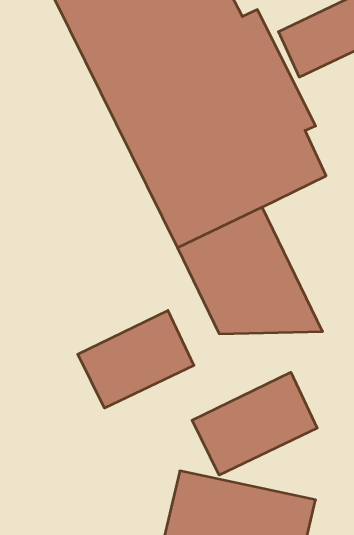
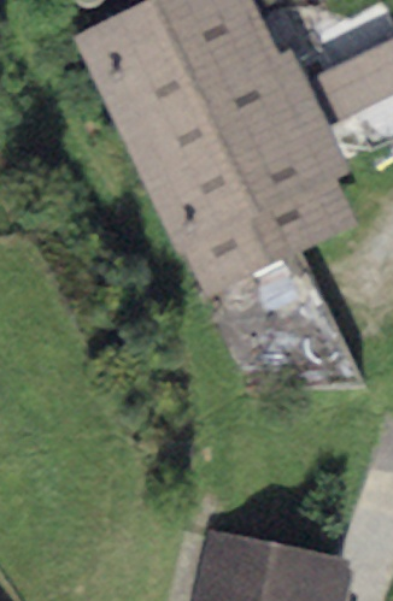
building: [78,310,194,408] -> none
building: [192,372,317,475] -> none

